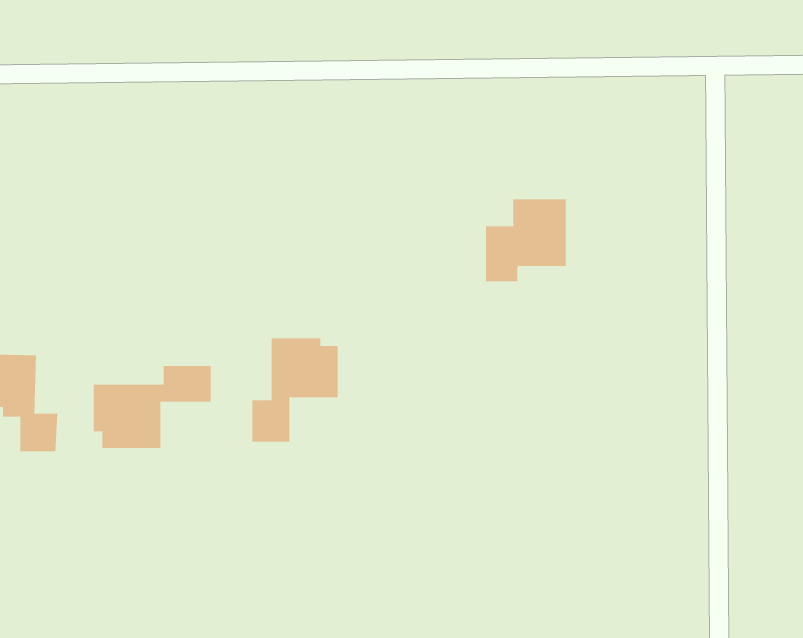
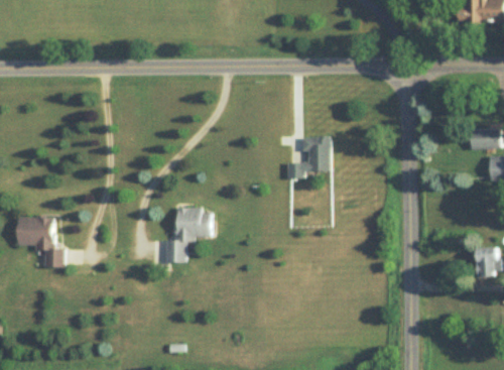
building: [93,365,211,449] -> none

